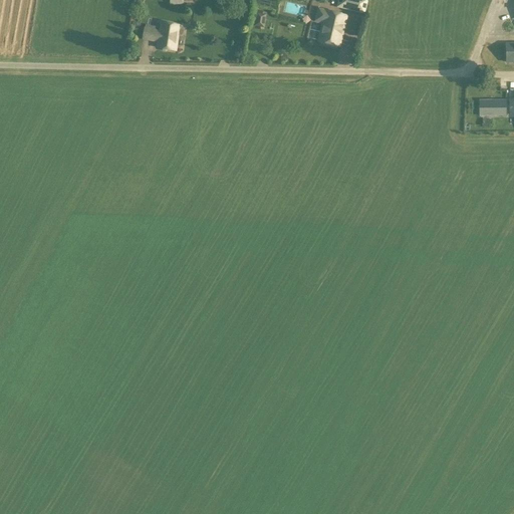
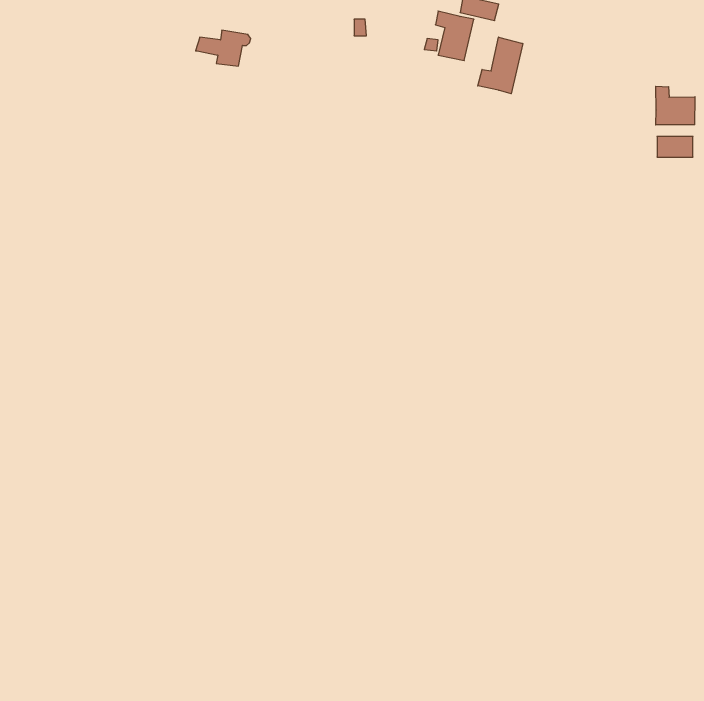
building: none -> [478,37,523,94]
building: none -> [656,86,695,125]

